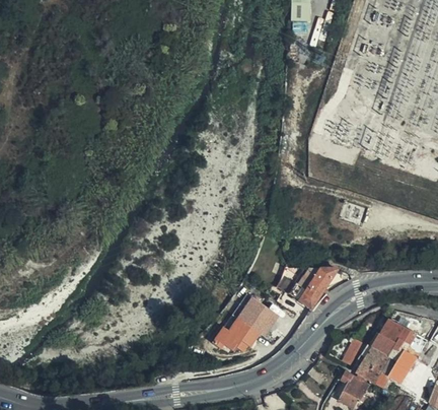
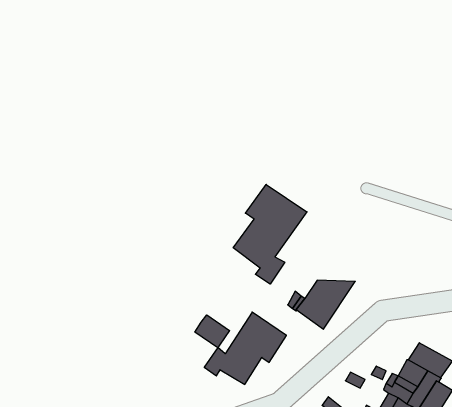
building: none -> [233,184,307,284]
building: none -> [195,315,230,348]

